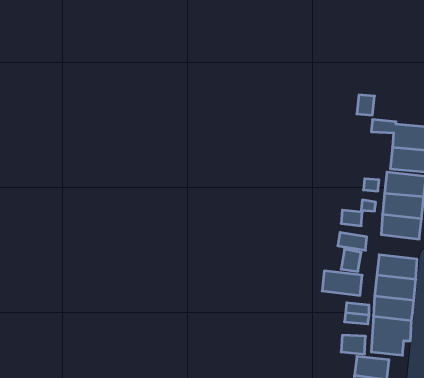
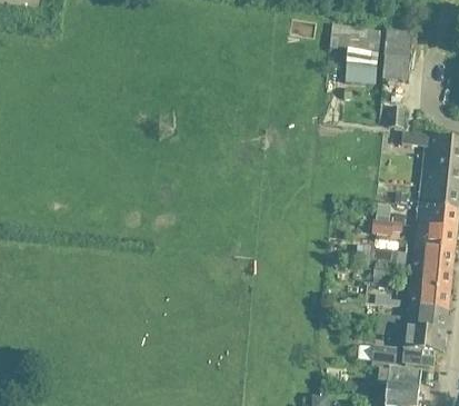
building: none -> [330,23,381,82]
building: none -> [383,30,411,80]
building: [322,271,362,295] -> [411,246,451,270]

